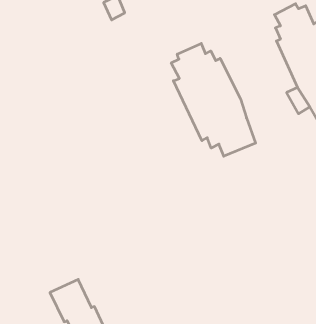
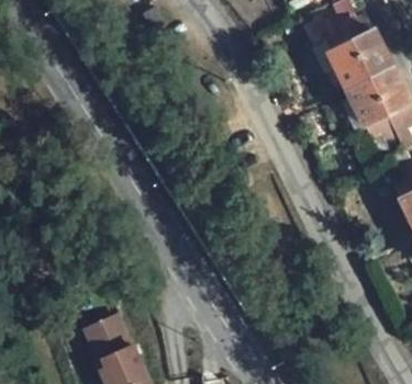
building: [171,43,256,156] -> none

